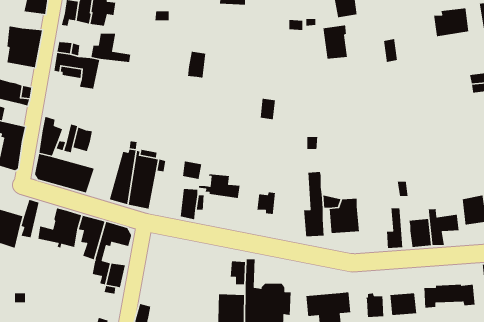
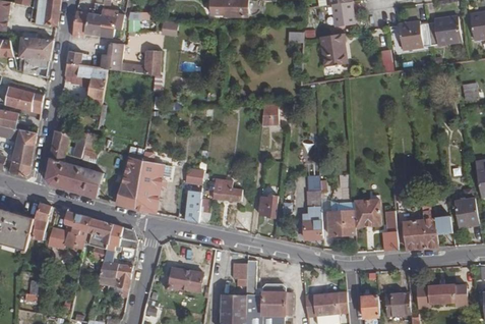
building: none -> [397,25,429,50]
building: [187,51,206,79] -> [144,49,163,75]
building: none -> [355,200,380,225]
building: none -> [164,266,202,290]

